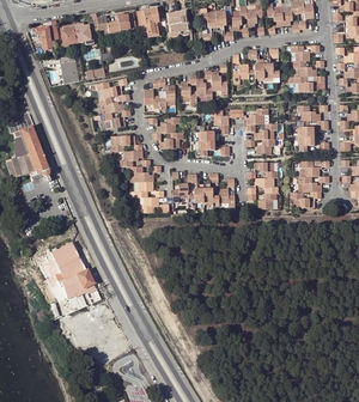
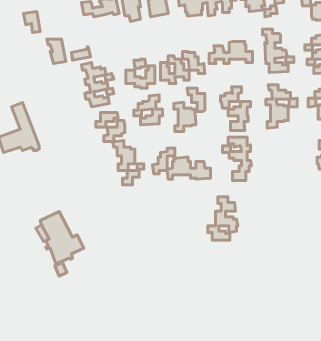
building: [61,23,95,47] -> none
building: [290,160,322,207] -> [208,197,238,240]

